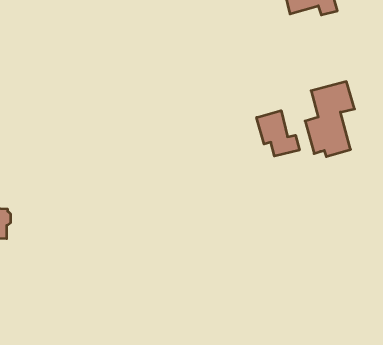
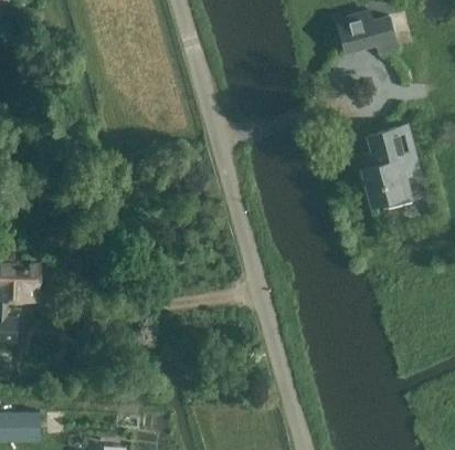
building: [257,111,299,156] -> none

